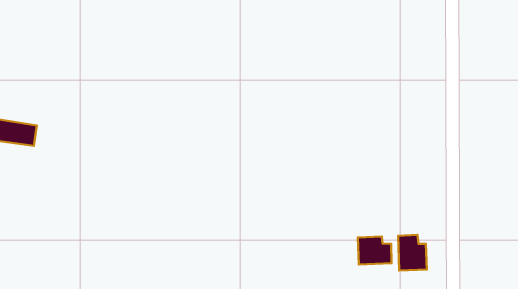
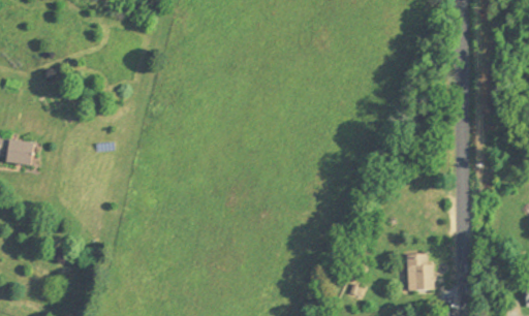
building: [358,237,392,265] -> none

